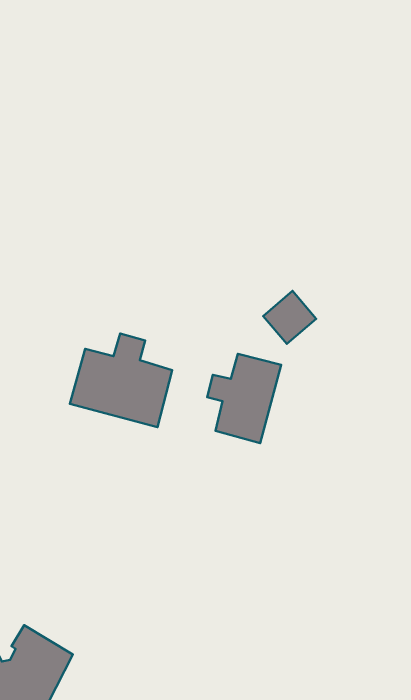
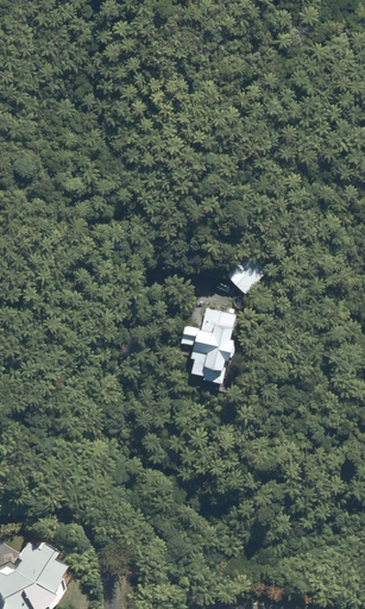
building: [70,334,172,427] -> none

